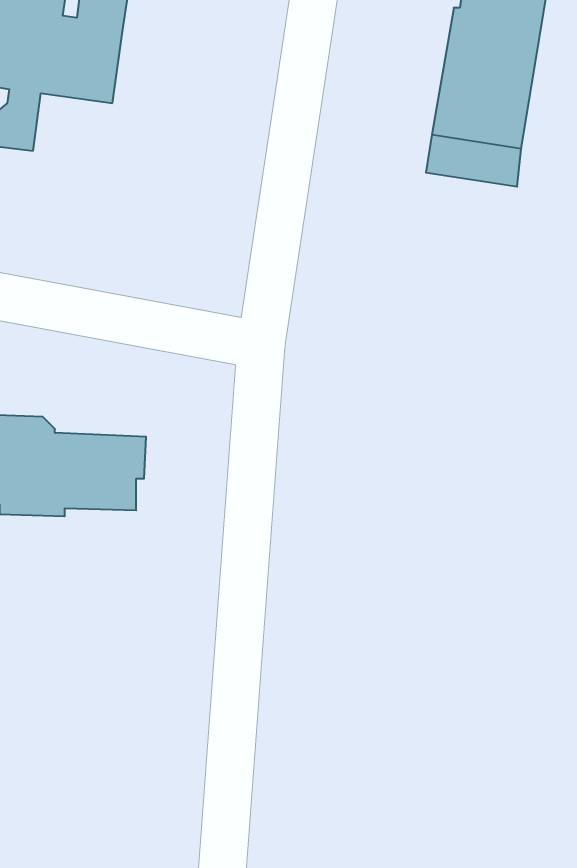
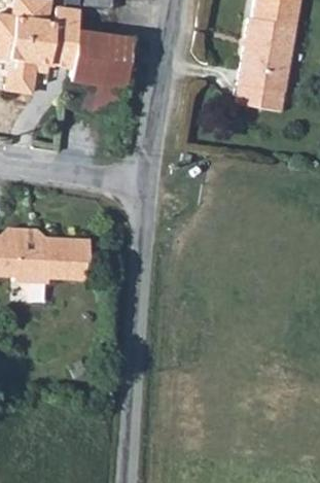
building: none -> [68,30,132,112]

